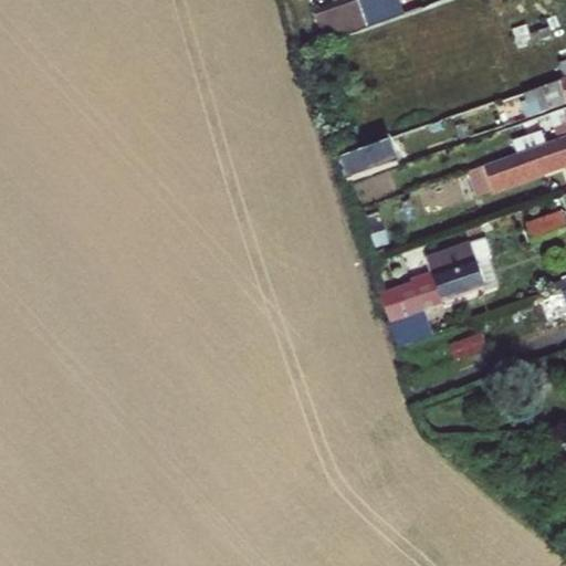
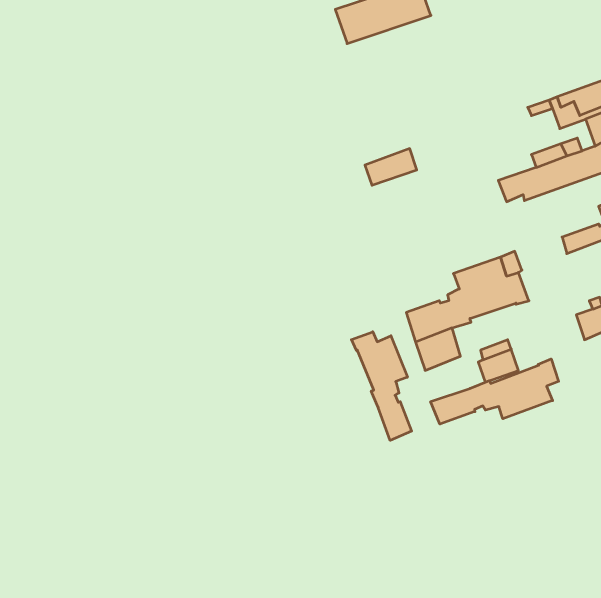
building: none -> [351,332,412,440]
building: none -> [431,359,559,424]

